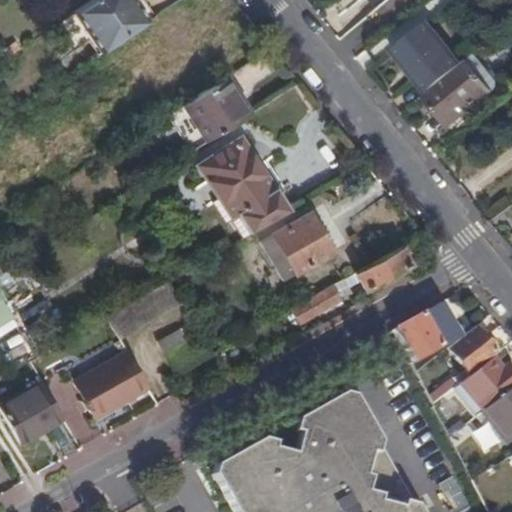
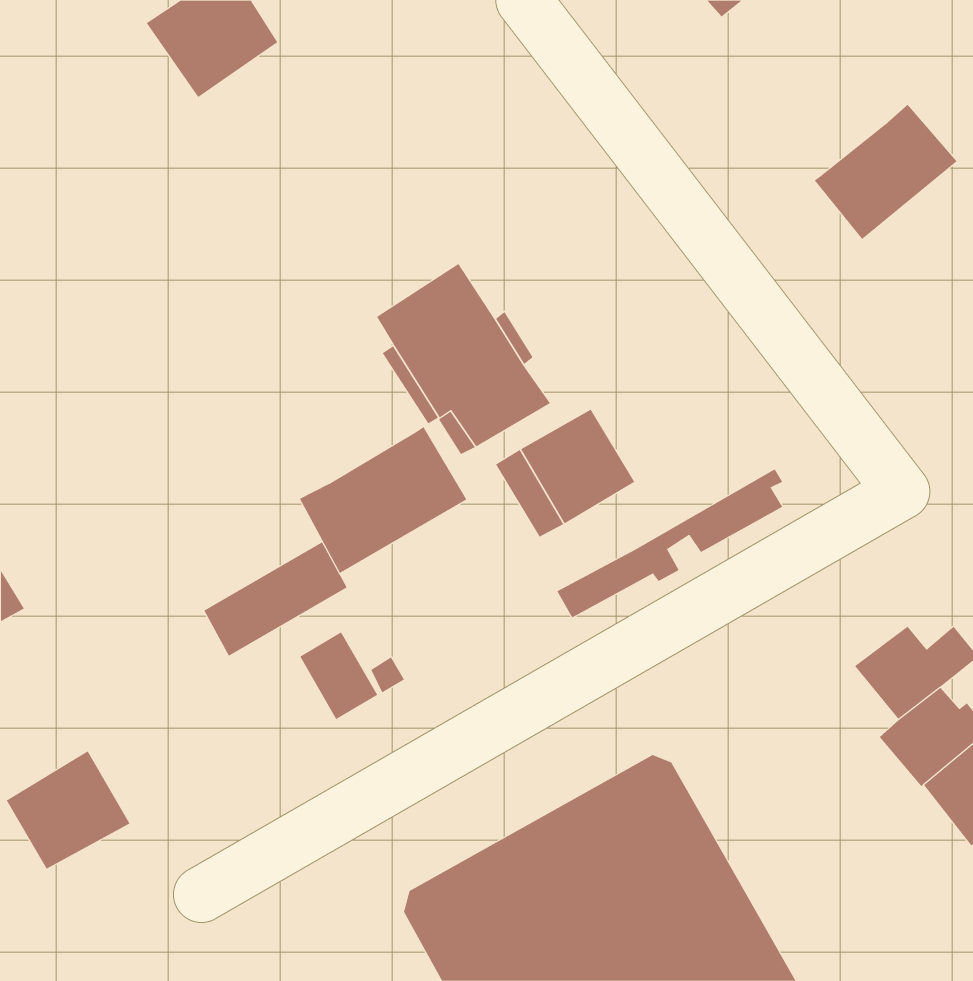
building: [397,22,466,92] -> none
building: [171,76,253,151] -> none
building: none -> [299,426,467,574]
building: [397,303,462,362] -> none
building: [73,346,152,422] -> none

